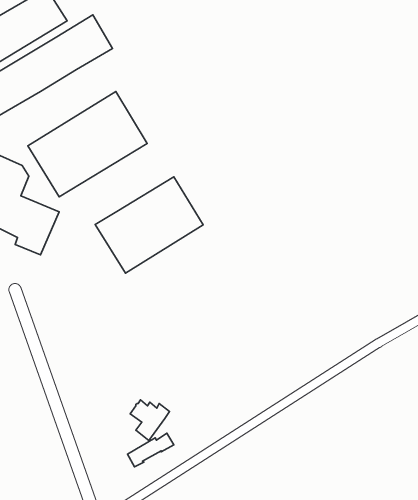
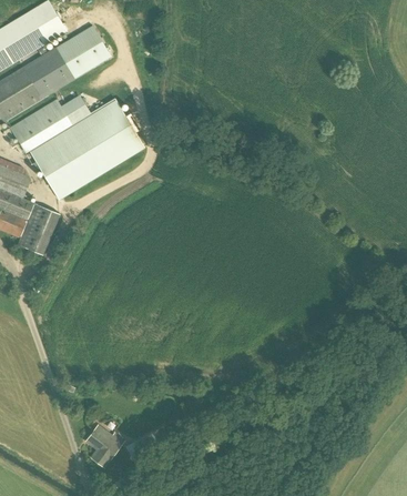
building: none -> [9,94,90,153]
building: [95,177,203,273] -> none
building: [130,400,170,441] -> [85,428,123,467]

